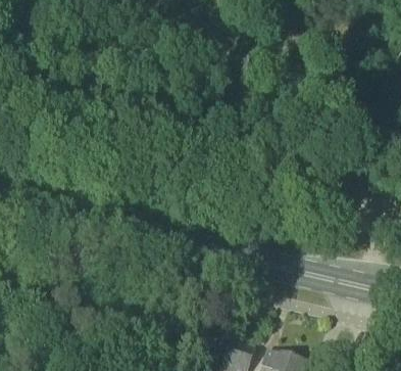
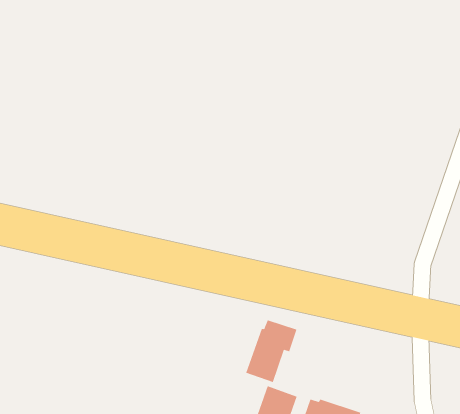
building: none -> [246,319,297,383]

